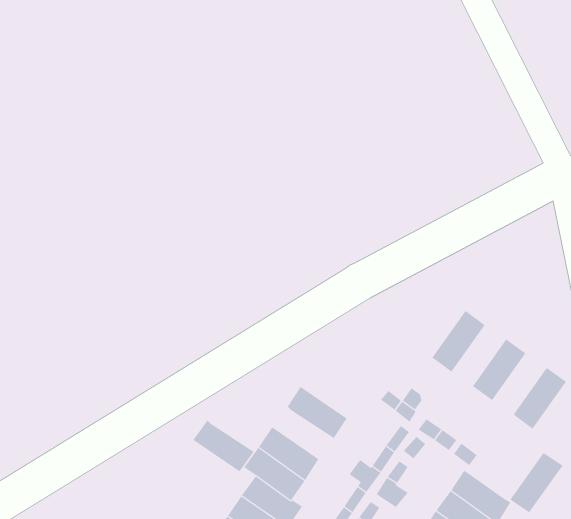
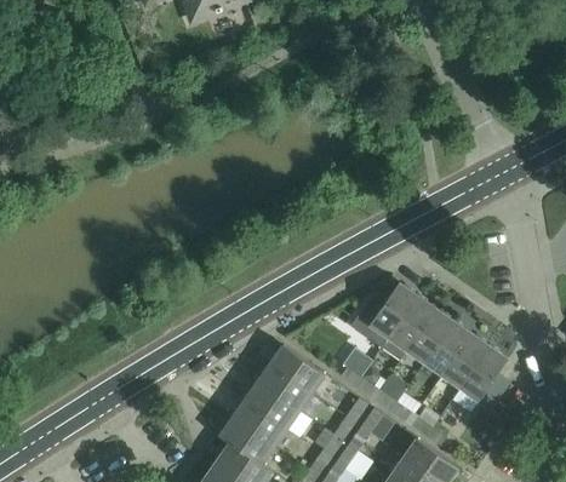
building: none -> [370,282,418,337]
building: none -> [406,308,454,362]
building: none -> [270,344,326,391]
building: [192,419,255,472] -> [245,380,301,428]
building: [509,452,563,513] -> [442,333,491,388]

